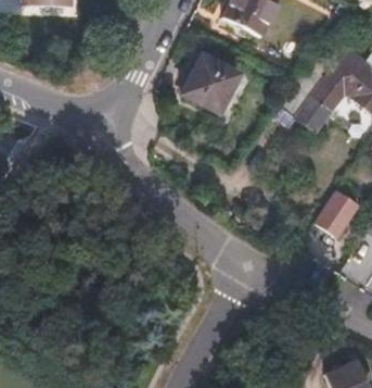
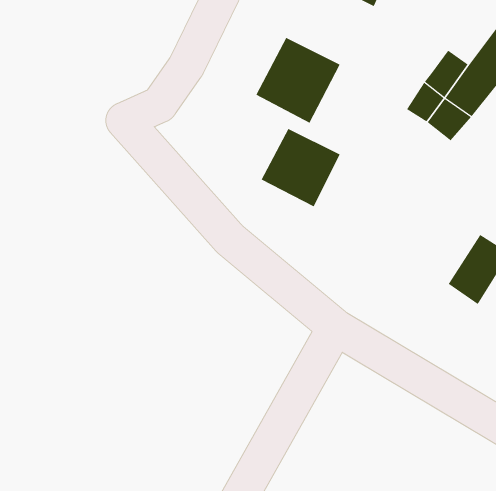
building: none -> [261,128,340,207]

